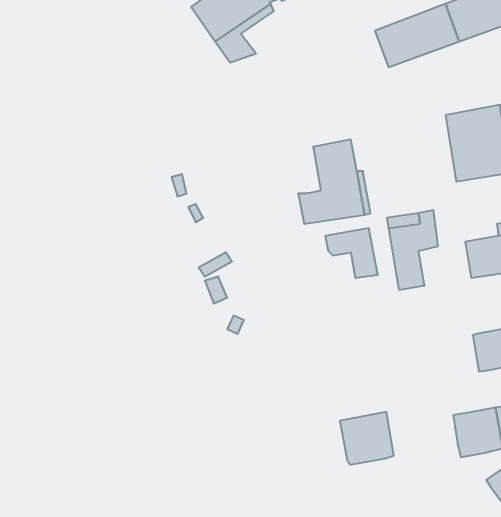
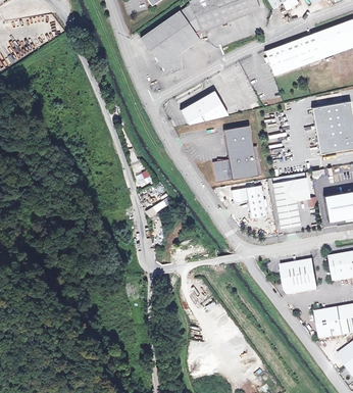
building: none -> [181,91,220,124]
building: [340,412,394,465] -> [282,260,318,296]

